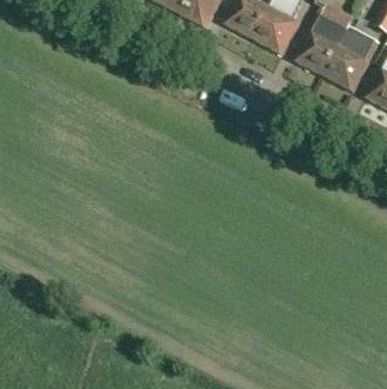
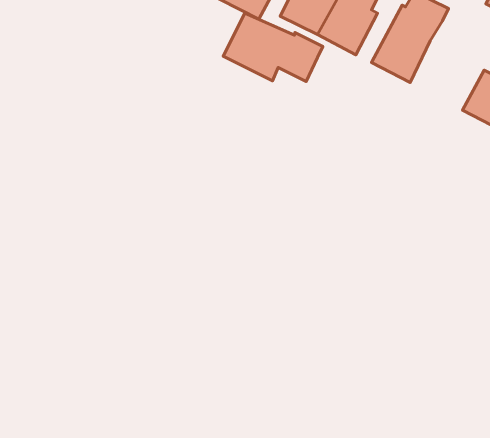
building: none -> [223,13,323,81]
building: [323,29,377,92] -> none

